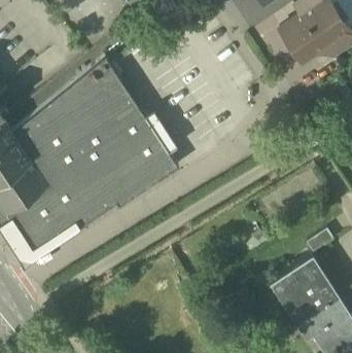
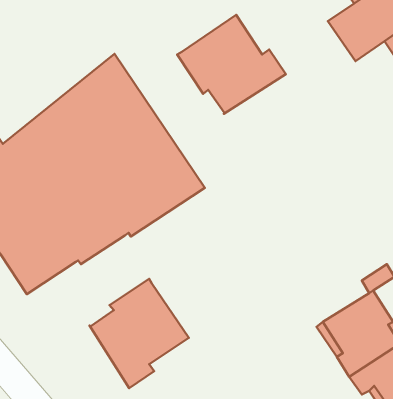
building: none -> [177,15,286,114]
building: none -> [89,279,189,388]

